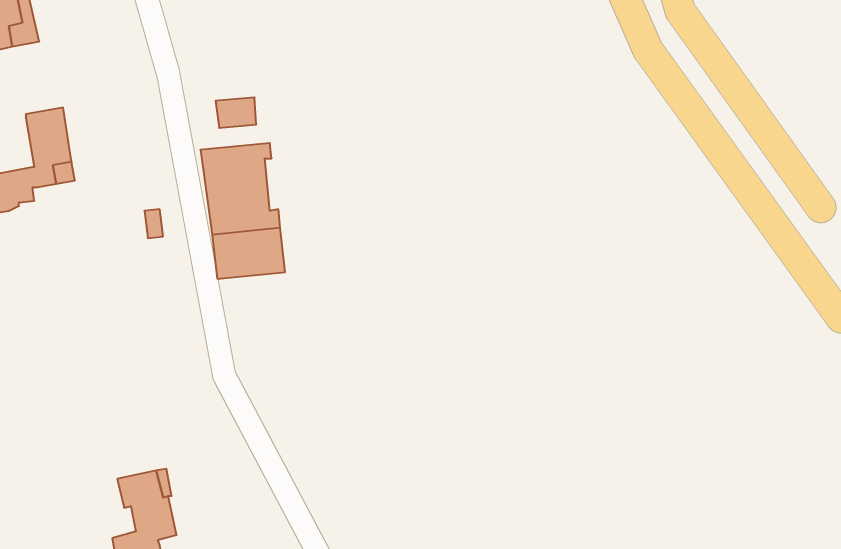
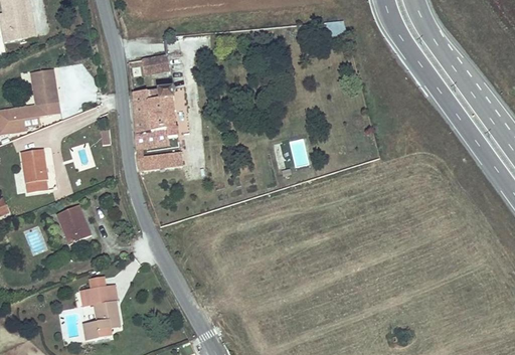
building: none -> [22,150,48,190]
building: none -> [56,204,92,243]

